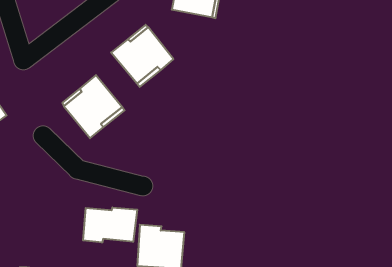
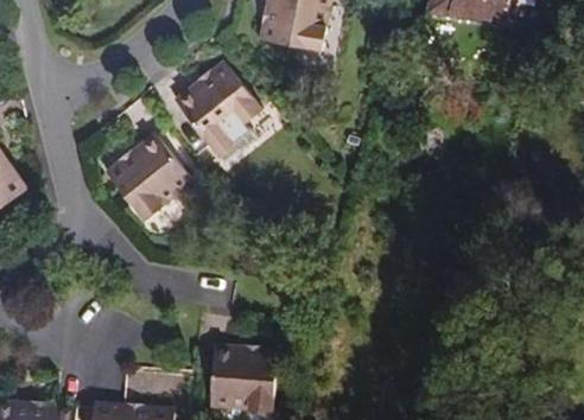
building: [83,207,137,243] -> none

